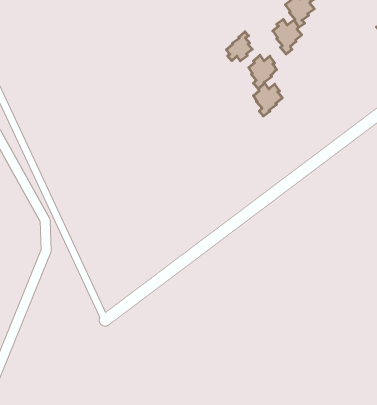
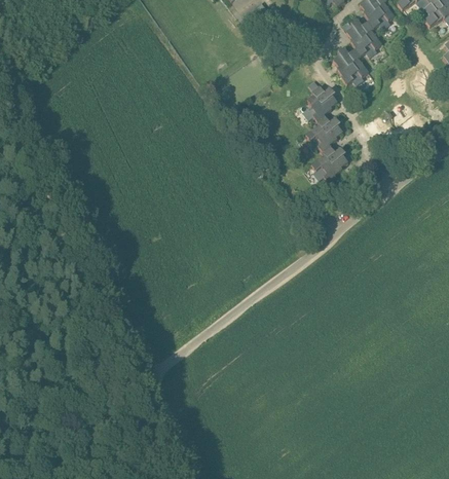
building: [226,32,252,61] -> none
building: none -> [317,145,348,181]

